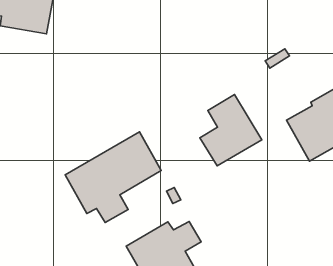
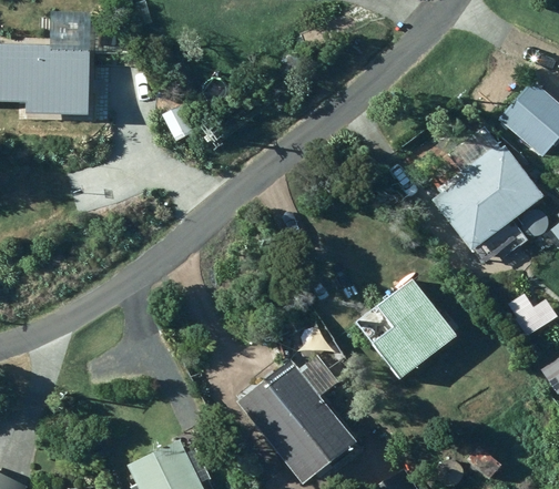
building: [200,94,262,166] -> [370,278,455,378]
building: [65,132,161,223] -> none

